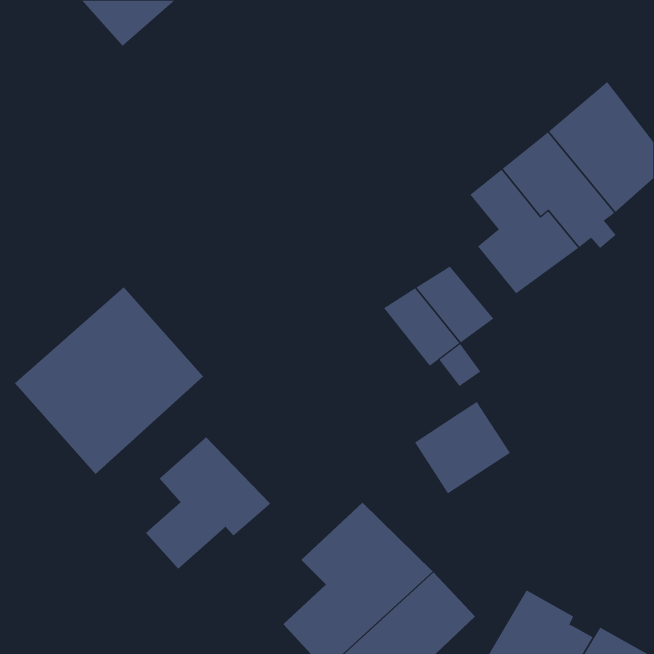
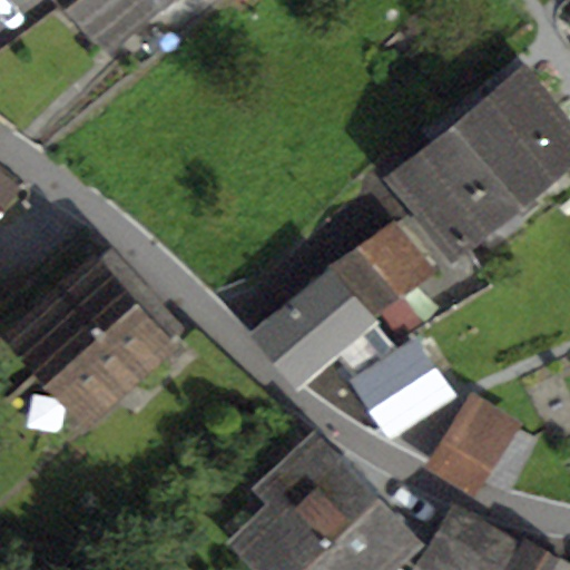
building: none -> [254,274,396,391]
building: [145,436,271,569] -> none
building: none -> [433,406,530,497]

